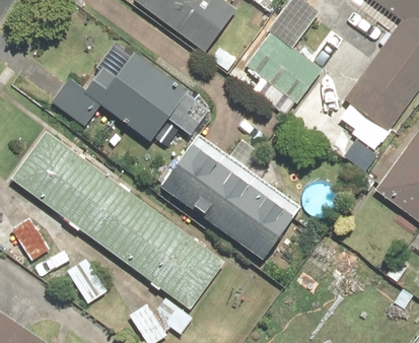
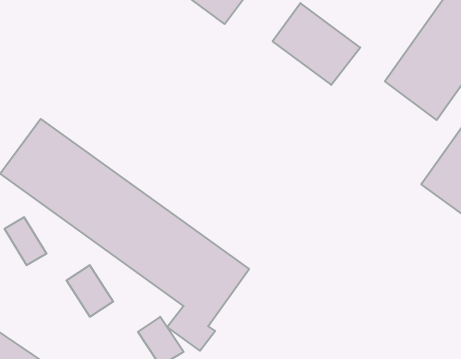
building: [54,54,210,142] -> none
building: [158,139,296,261] -> none

